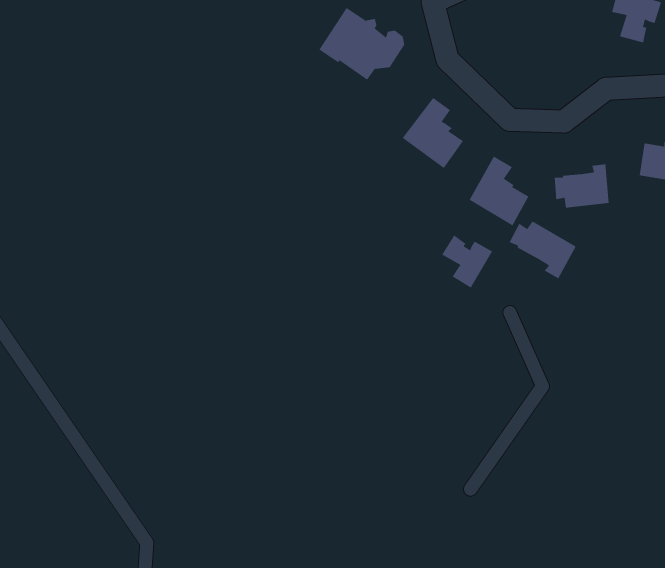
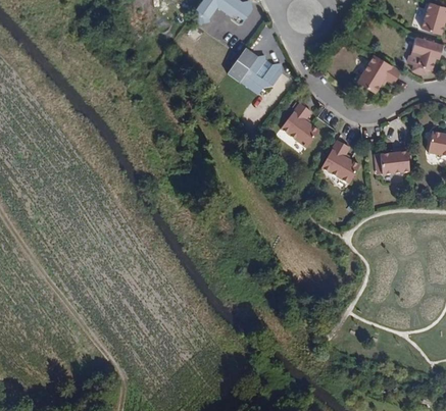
building: none -> [357,53,401,92]
building: [509,220,577,279] -> none
building: [442,235,493,288] -> none

